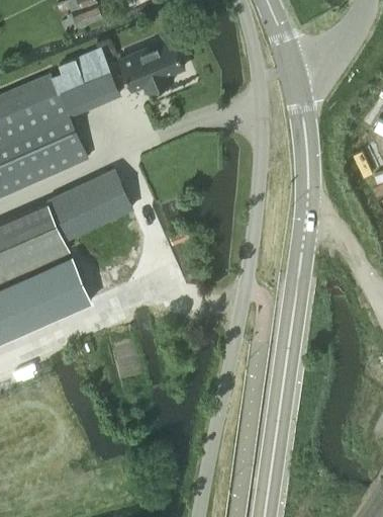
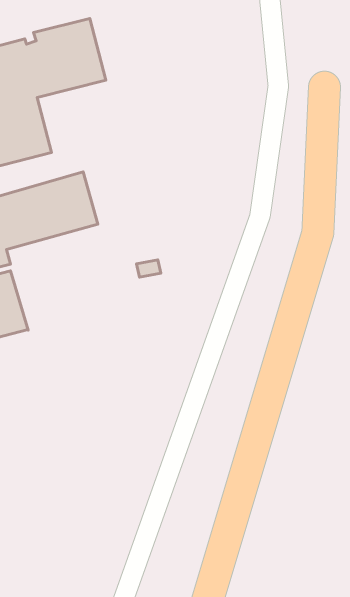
building: [117,39,184,95] -> none

